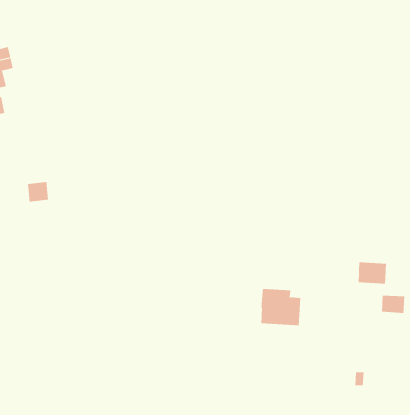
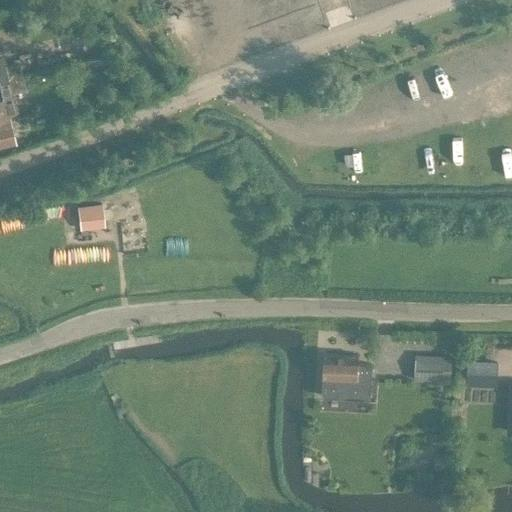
building: [27,181,49,202] -> [77,207,103,232]
building: [358,262,387,284] -> [415,357,450,384]

